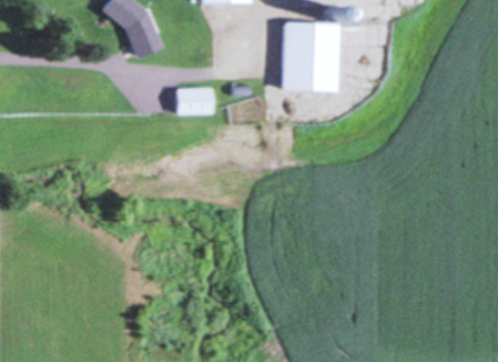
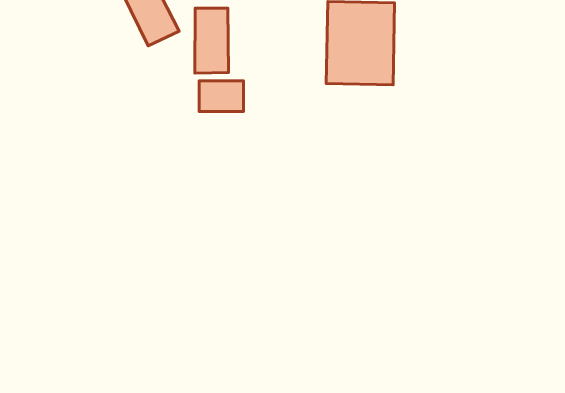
building: none -> [195,8,228,73]

